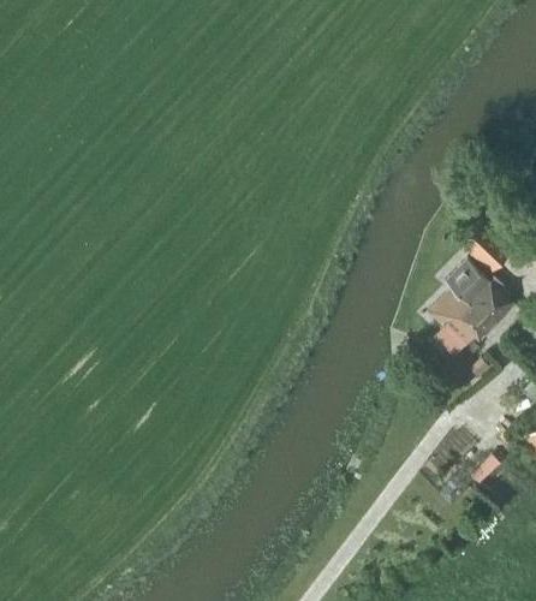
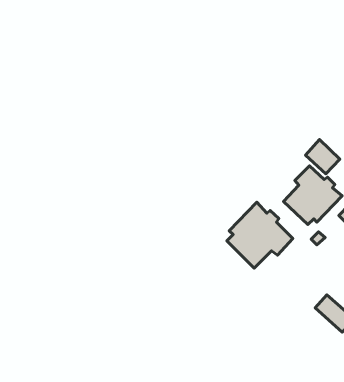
building: none -> [227,202,293,268]

